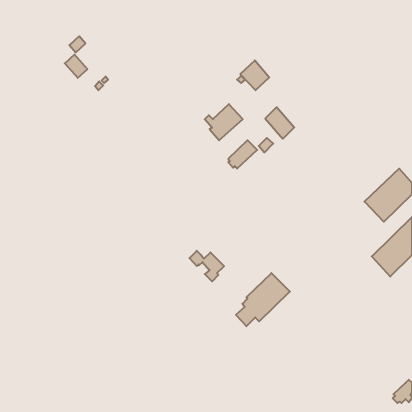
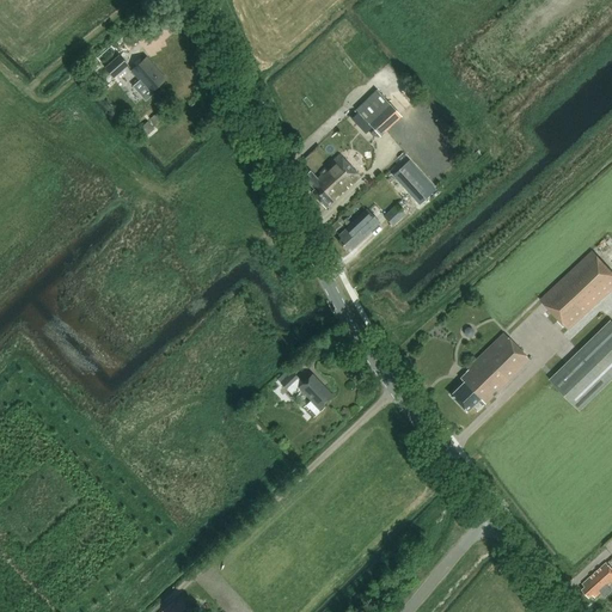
building: [65,55,87,78] -> [131,57,165,92]
building: [236,273,290,326] -> [451,332,531,411]

